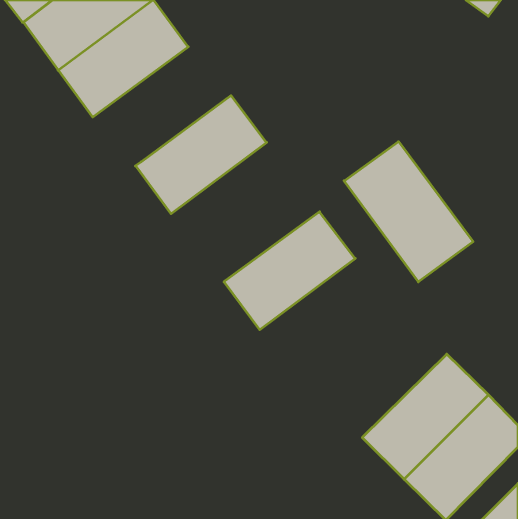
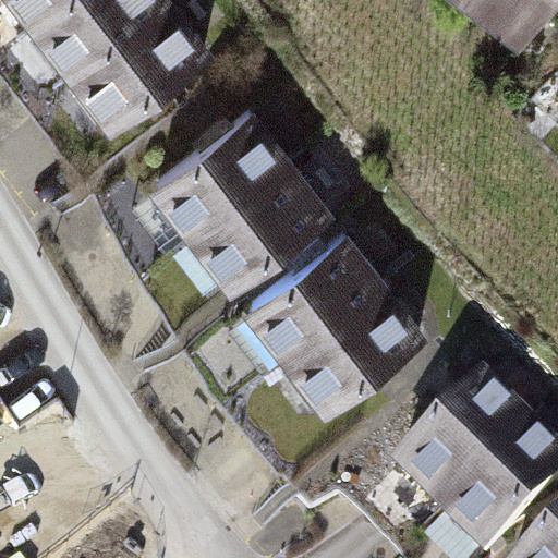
building: [344,142,473,282] -> none
building: none -> [183,155,323,280]
building: none -> [278,279,417,404]

